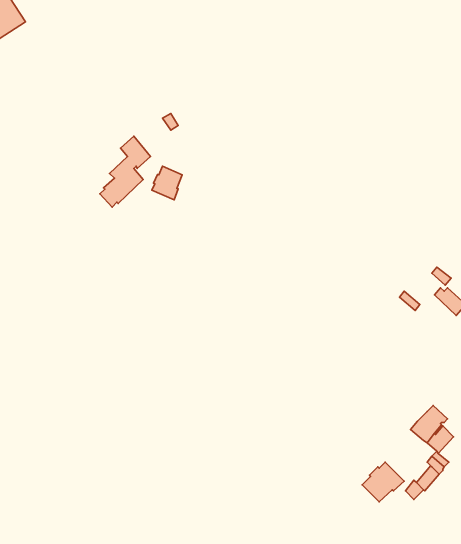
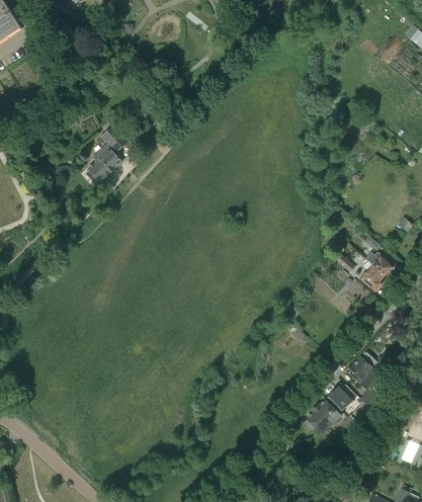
building: [152,166,182,200] -> none
building: none -> [359,258,385,291]
building: none -> [327,385,354,411]

